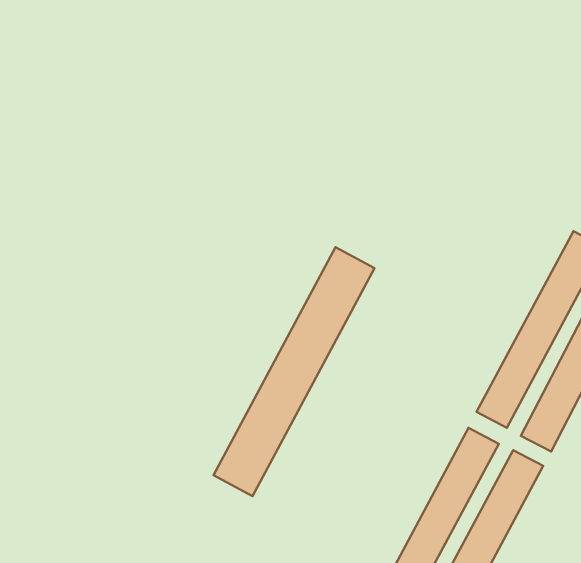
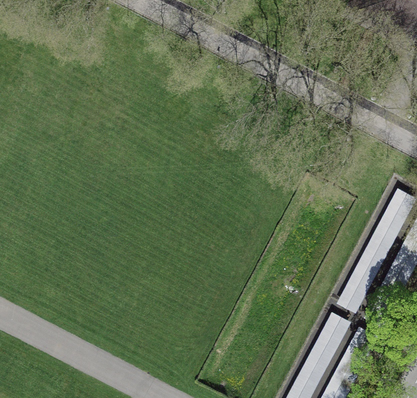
building: [214,247,374,496] -> none

